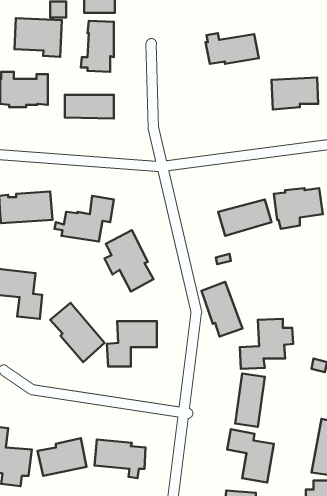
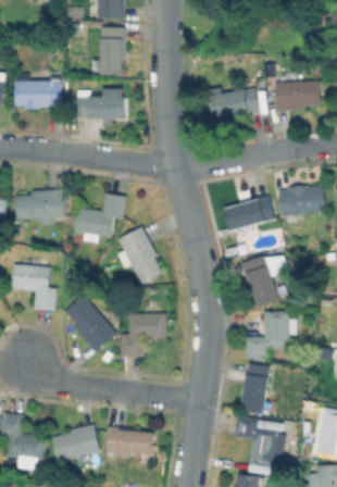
building: [14,18,62,57] -> none
building: [205,33,259,64] -> [210,88,261,117]
building: [201,282,242,336] -> [241,255,280,308]

